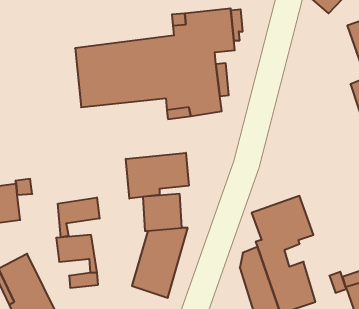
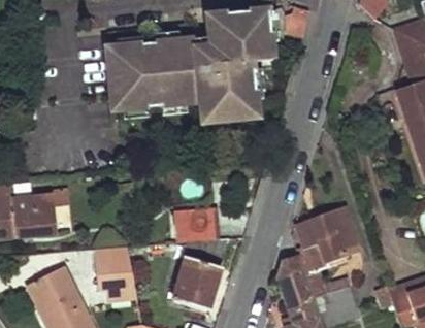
building: [126,153,189,199] -> none
building: [58,197,100,237] -> none

